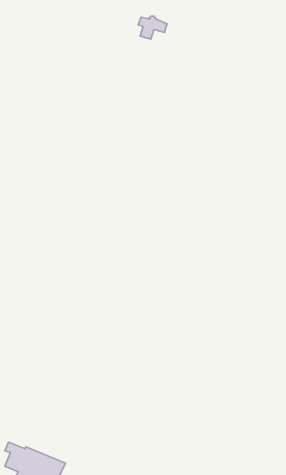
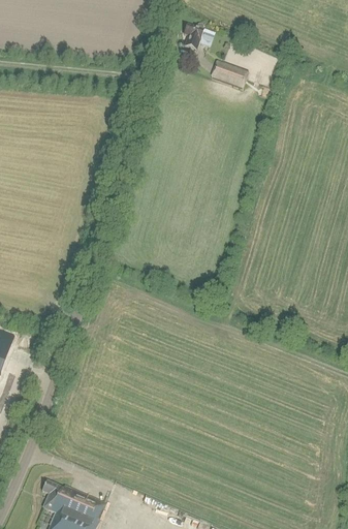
building: none -> [214,61,251,89]

